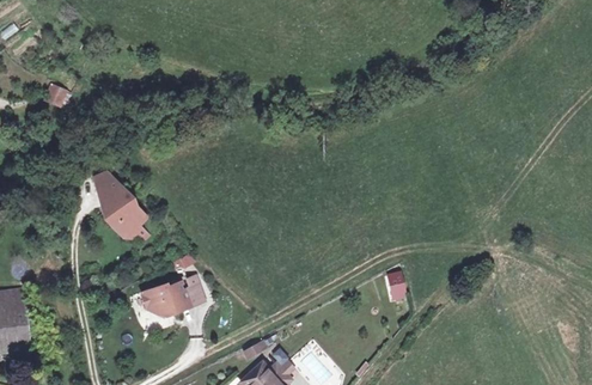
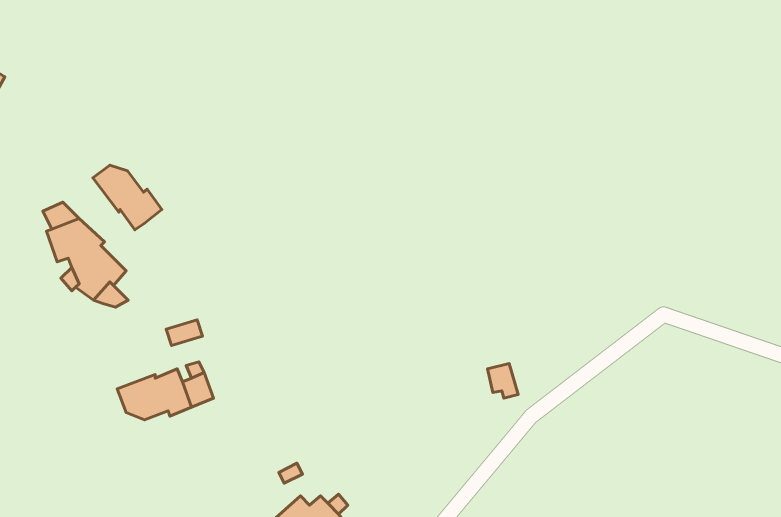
building: none -> [93,165,162,230]

